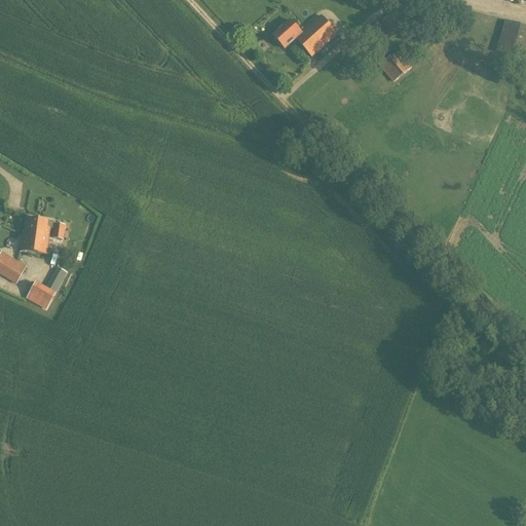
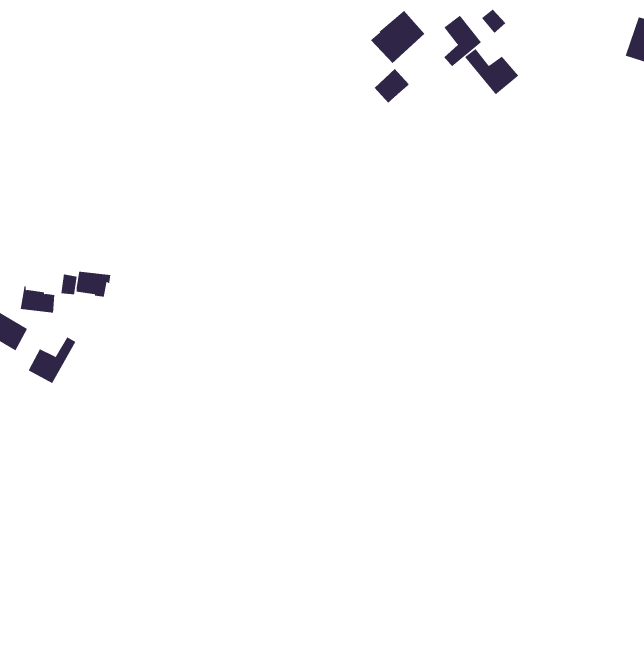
building: none -> [444,15,482,67]
building: [274,18,303,46] -> [374,68,410,103]
building: [26,217,53,237] -> [76,271,111,297]

